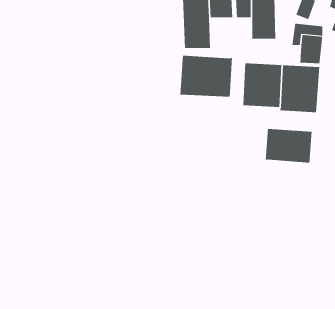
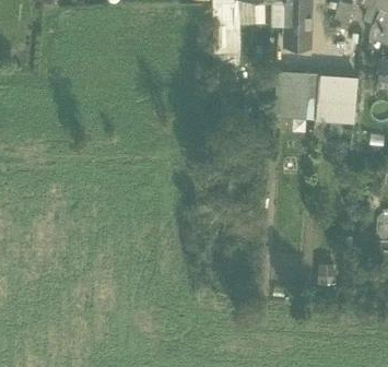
building: [180,55,233,98] -> none
building: [265,128,312,164] -> none

